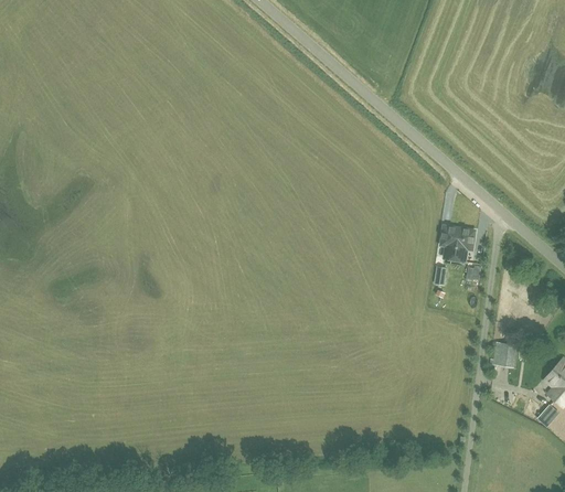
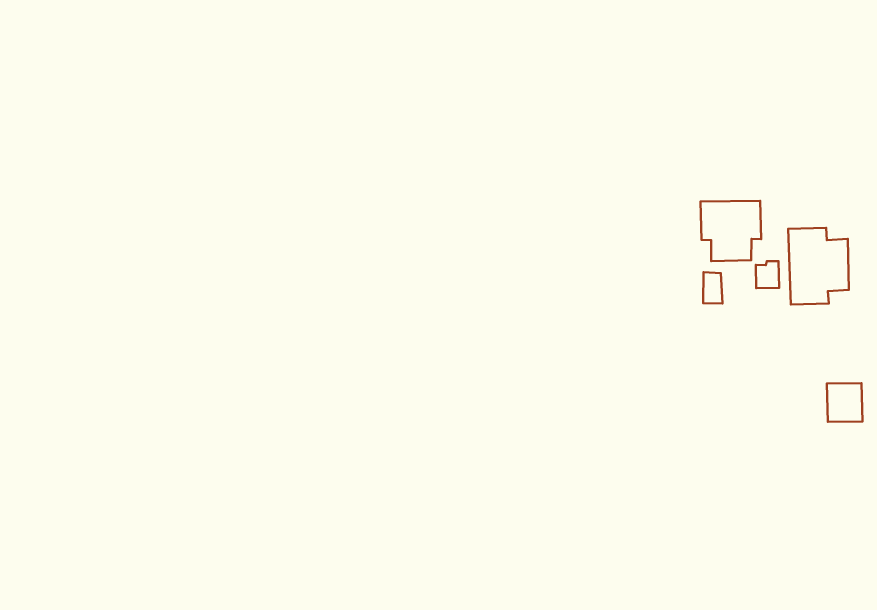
building: none -> [788,228,849,305]

